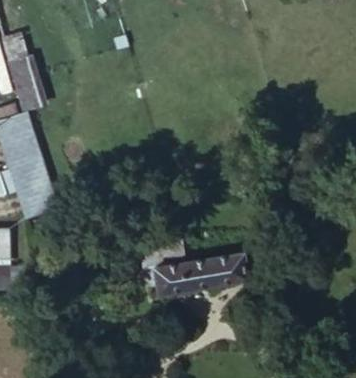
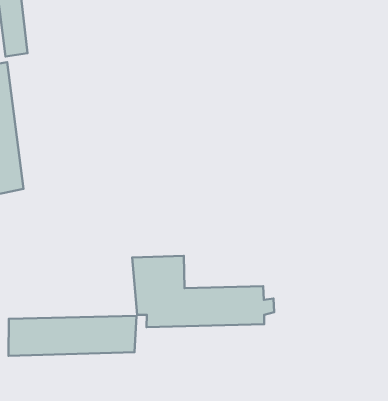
building: none -> [8,316,137,356]

